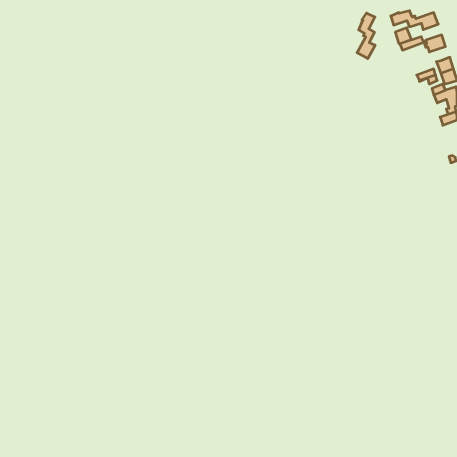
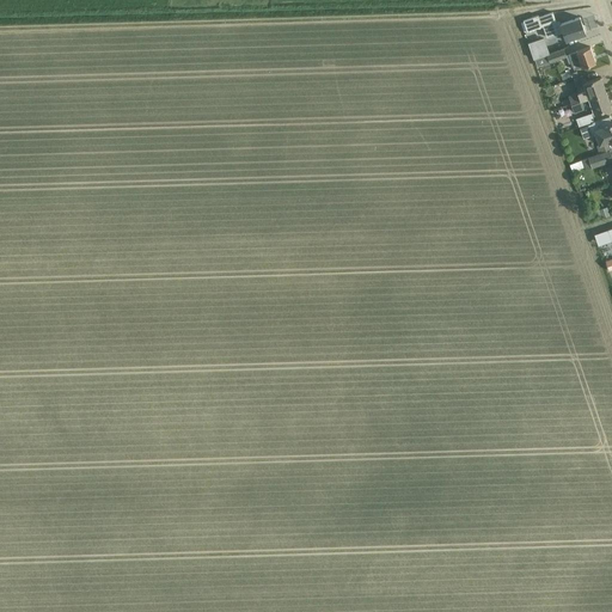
building: [357,13,375,59] -> none

